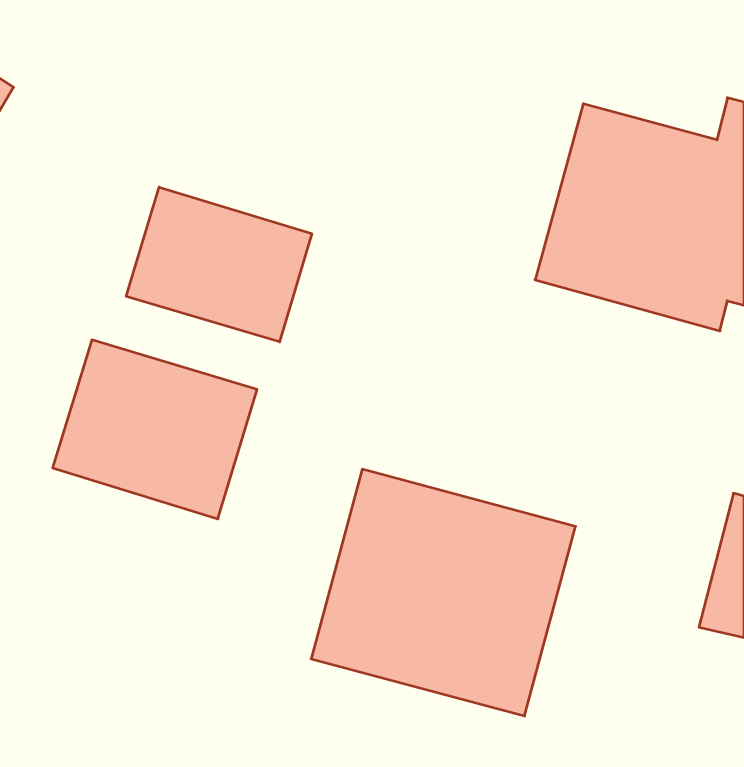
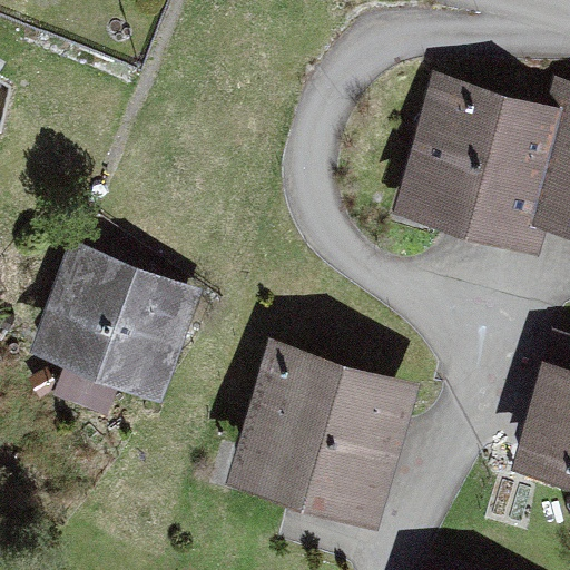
building: [126,187,312,342] -> none

